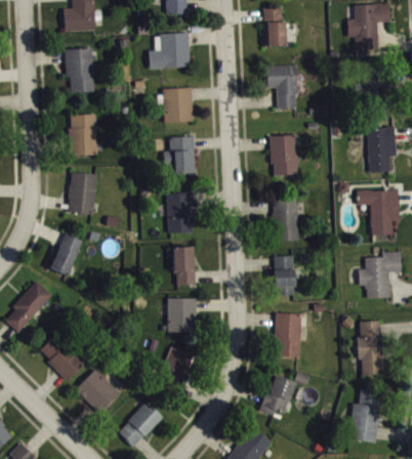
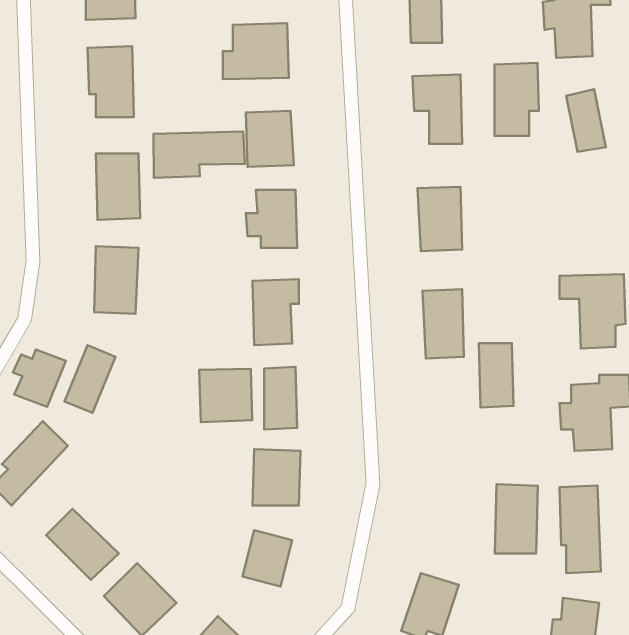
building: none -> [154,132,245,178]
building: [368,127,396,172] -> [494,63,539,136]
building: none -> [13,349,66,407]
building: none -> [199,369,252,422]
building: [274,256,295,296] -> [479,343,514,407]
building: [275,314,301,357] -> [495,484,538,553]

